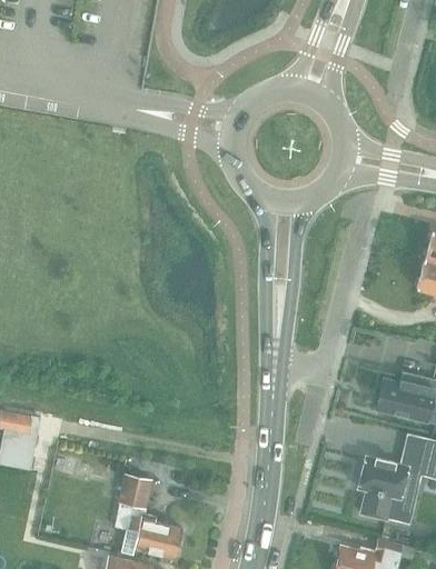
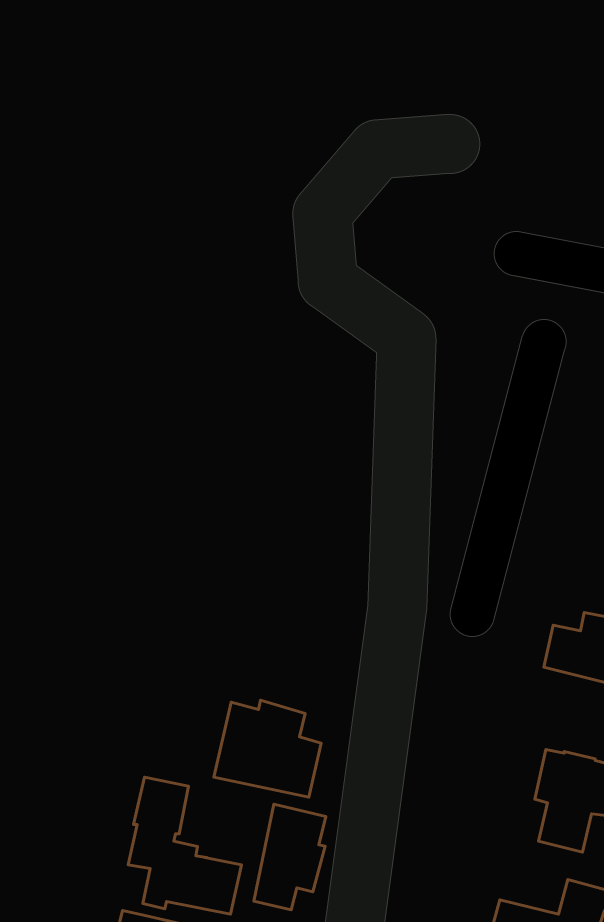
building: none -> [214,700,321,797]
building: none -> [254,804,326,910]

